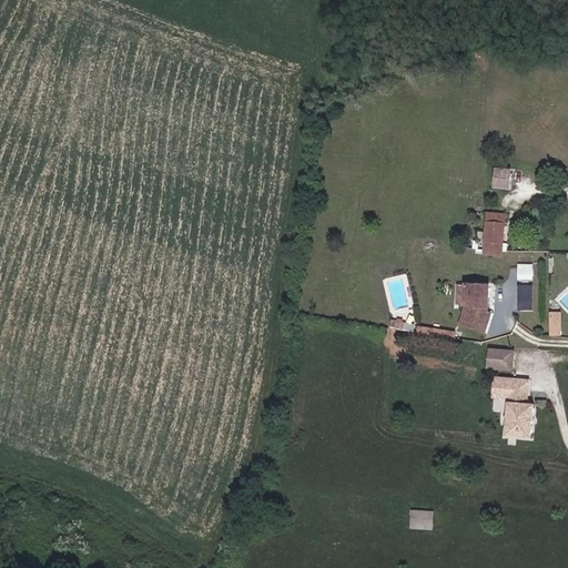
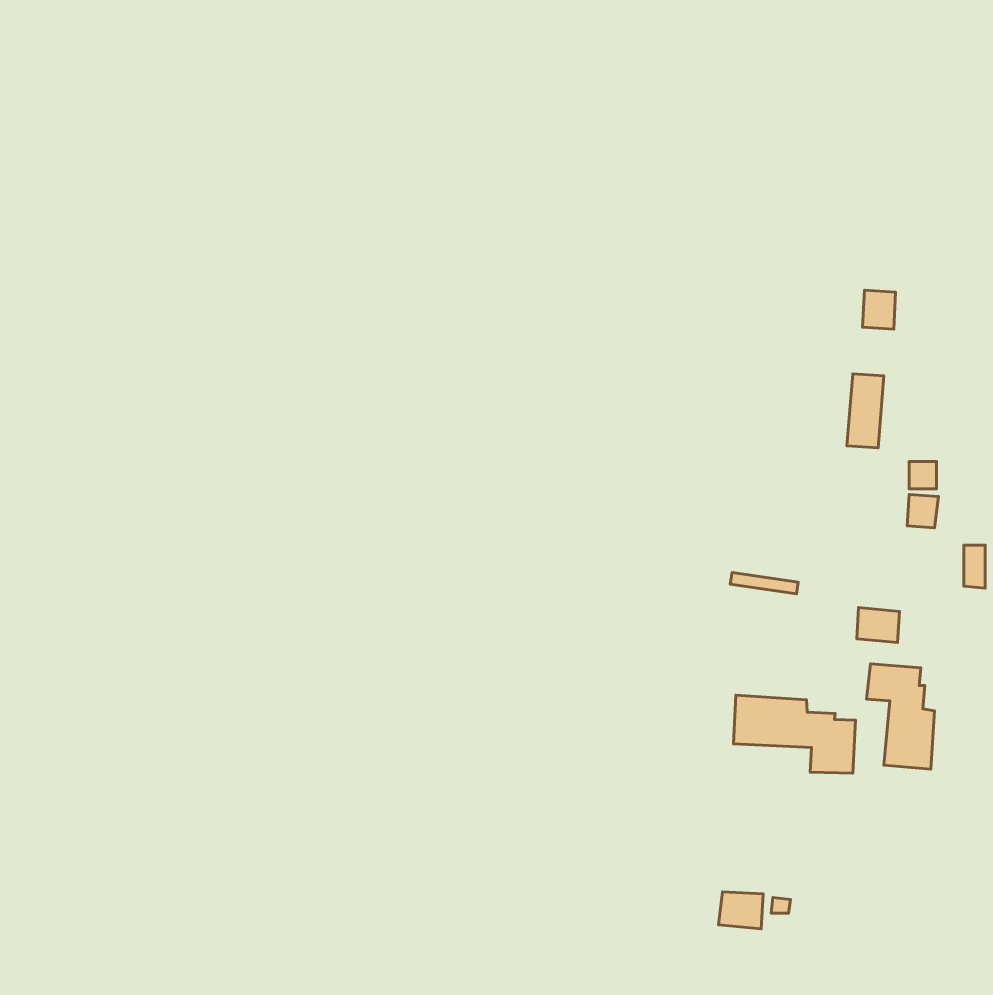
building: [457,285,488,333] -> none
building: none -> [734,695,856,773]

